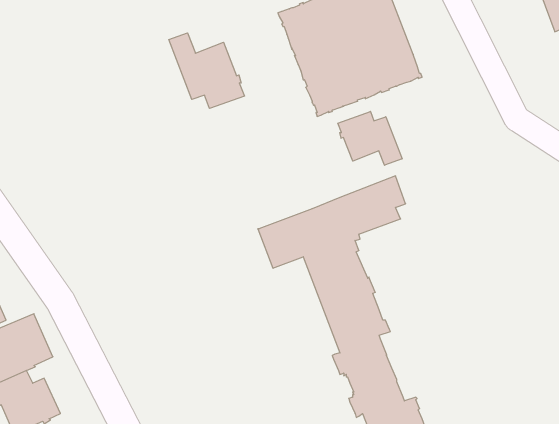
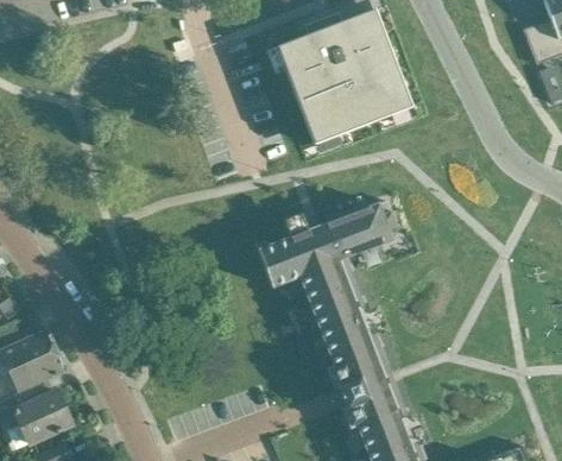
building: [169,33,244,108] -> none
building: [338,111,402,165] -> none

